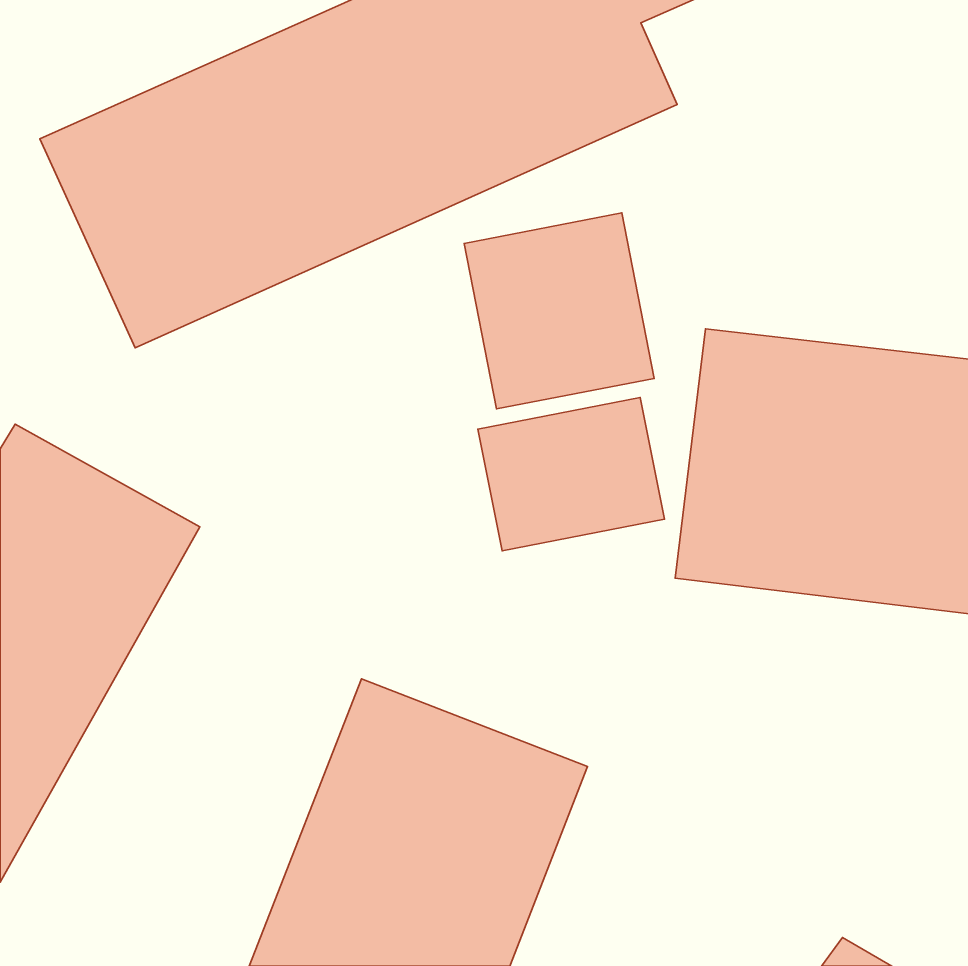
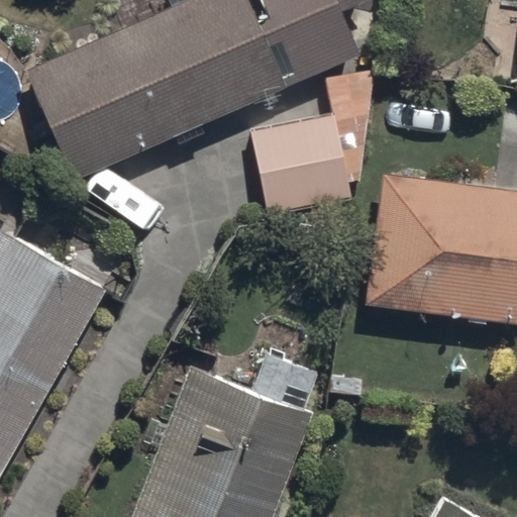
building: [478,397,664,551] -> none

